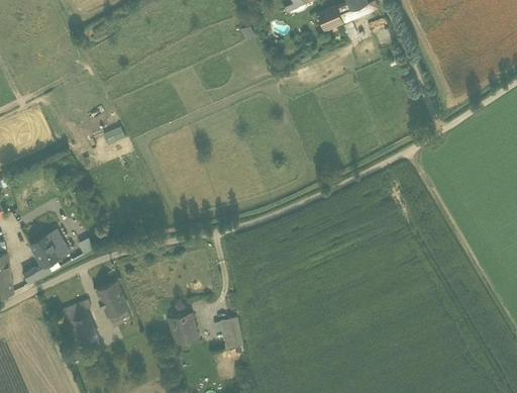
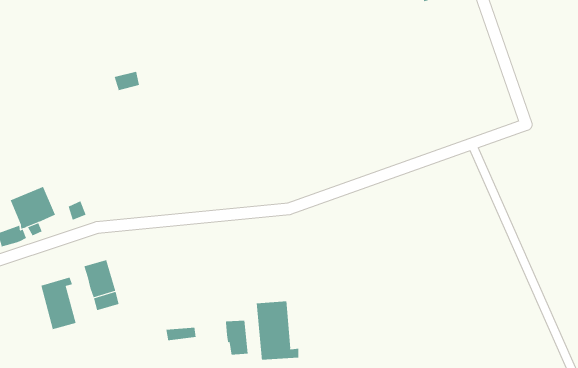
building: none -> [256,300,299,361]
building: [168,312,195,333] -> none

